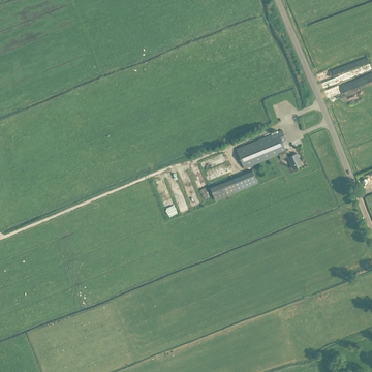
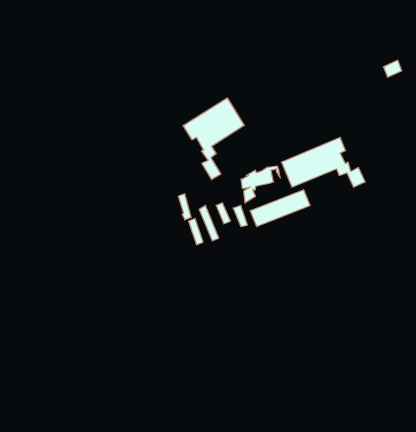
building: none -> [183,98,244,180]

